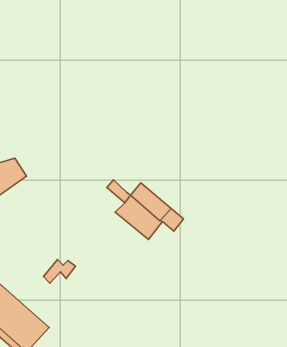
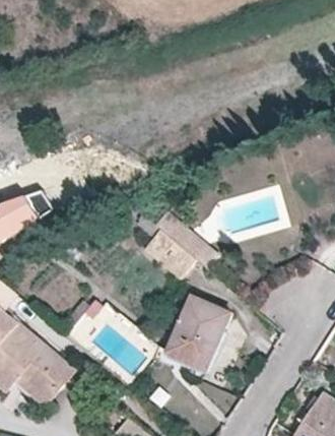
building: none -> [168,296,229,368]

